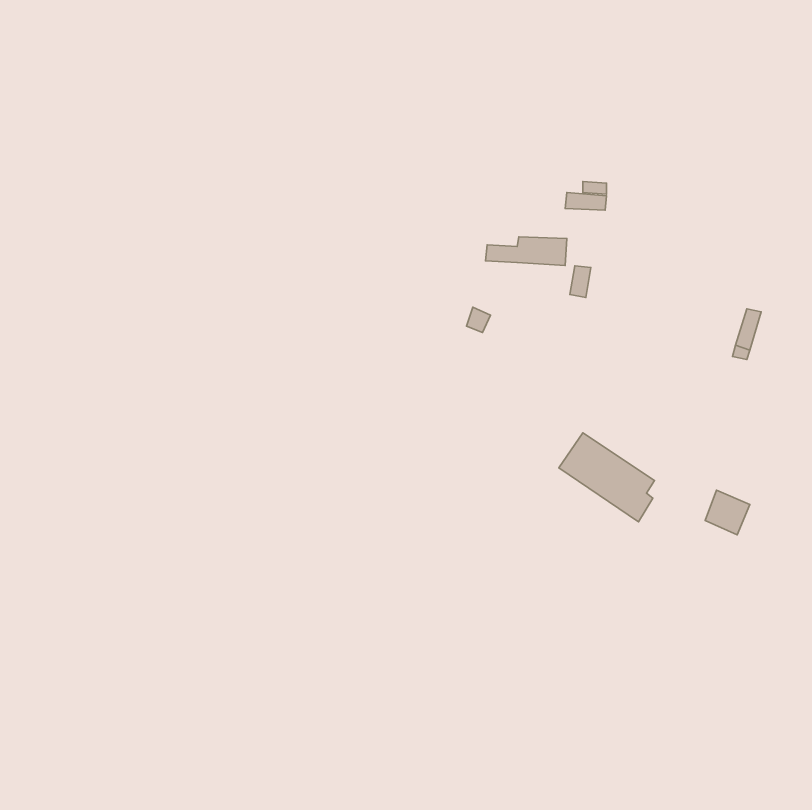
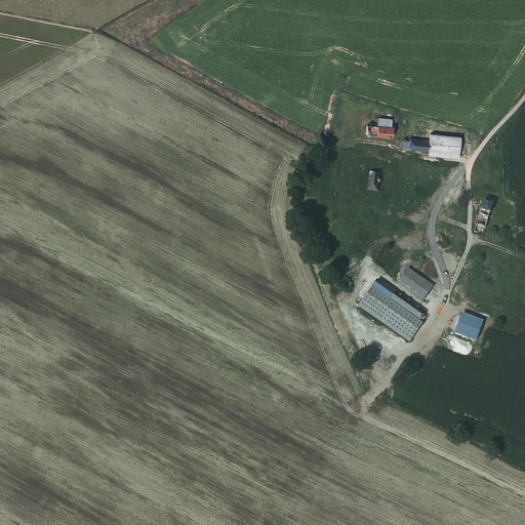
building: [485,237,567,266] -> [407,134,459,153]
building: none -> [396,270,431,301]

